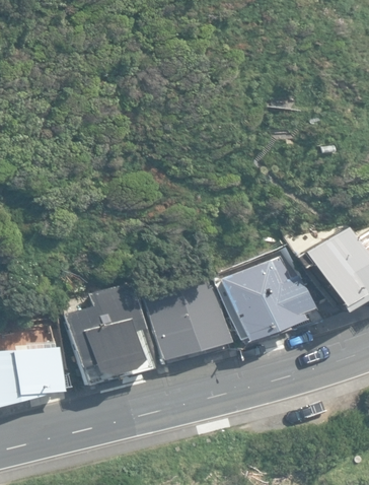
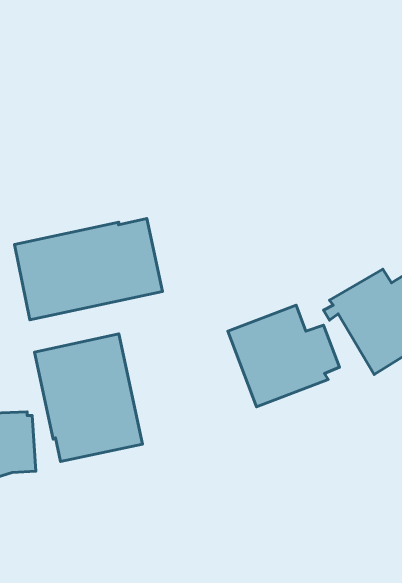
building: none -> [14,219,163,320]
building: [148,277,234,359] -> none

